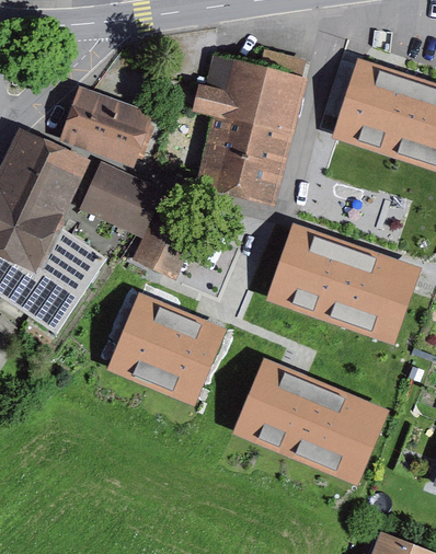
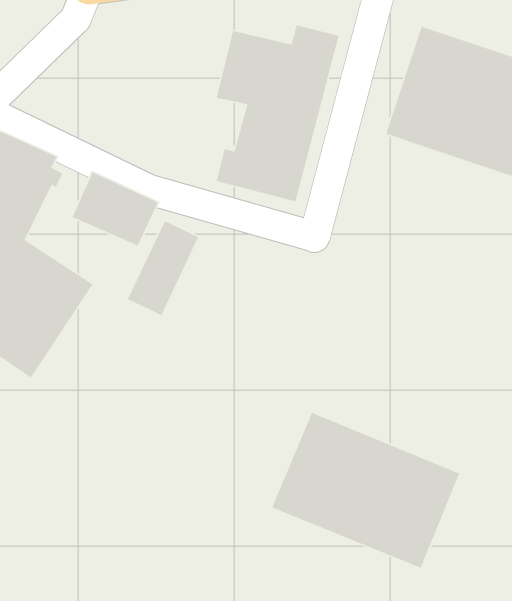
building: [66,101,145,157] -> none
building: [274,233,416,338] -> none
building: [115,292,232,403] -> none

